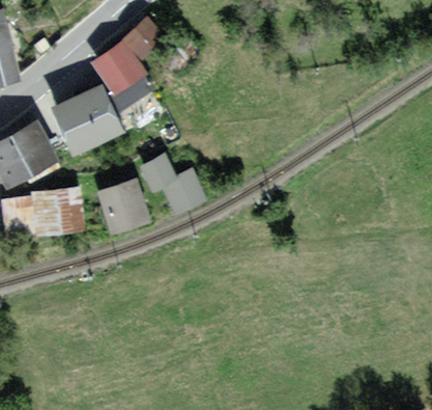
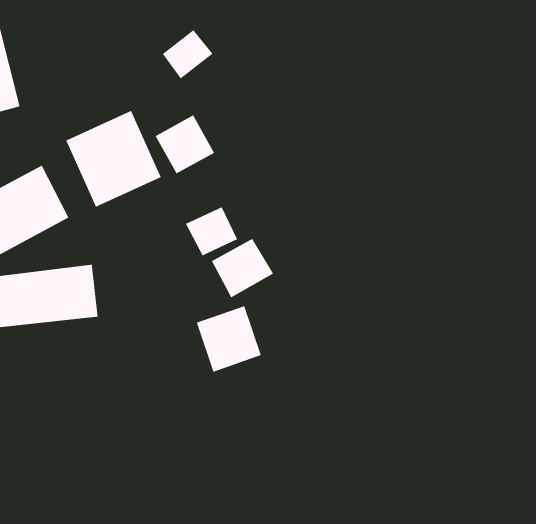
building: [99,40,147,89] -> none
building: [96,182,144,230] -> [196,305,262,373]

